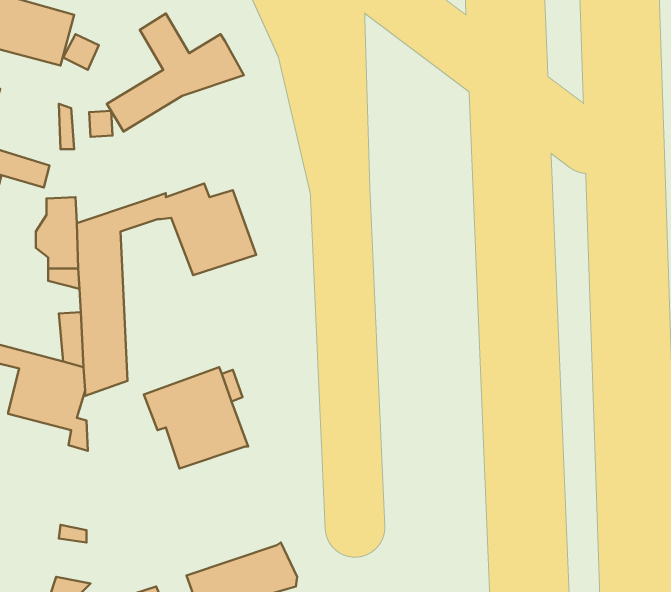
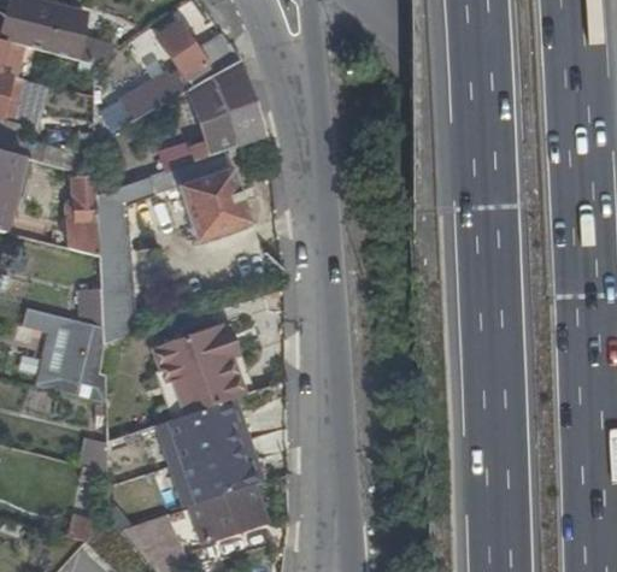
building: none -> [142,69,262,179]
building: none -> [152,395,268,509]

